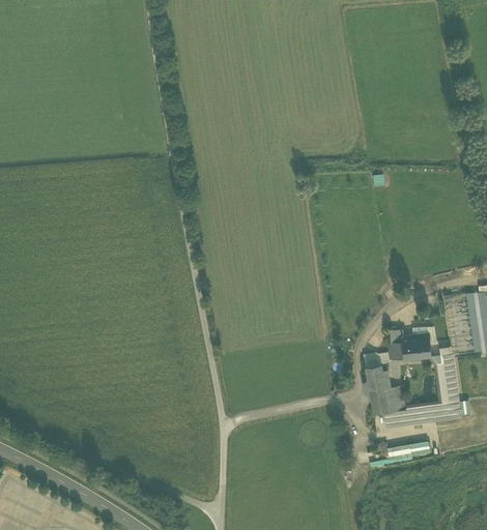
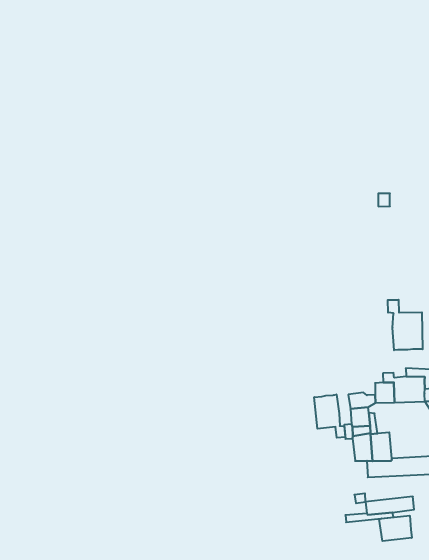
building: none -> [388,300,423,350]
building: none -> [314,394,345,438]
building: none -> [379,516,412,541]

